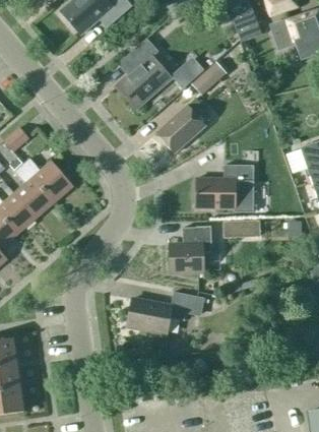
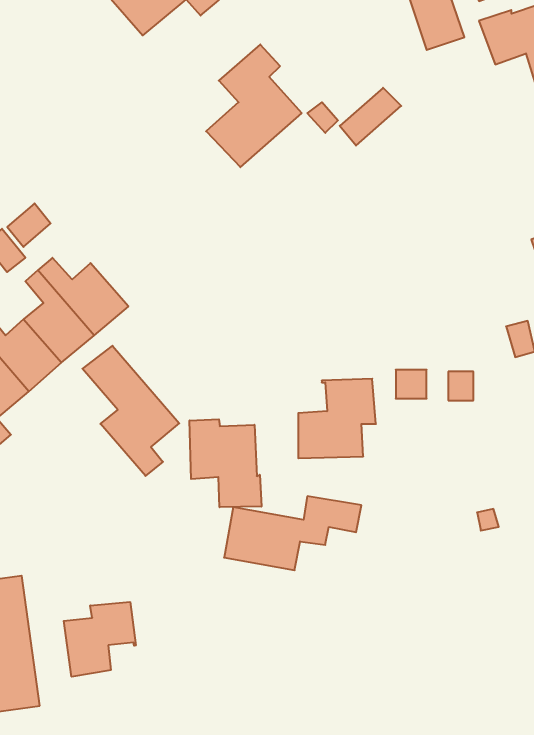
building: [156,98,205,152] -> none
building: [196,165,253,211] -> none
building: none -> [82,346,179,476]
building: none -> [190,419,261,507]
building: none -> [64,602,136,677]

